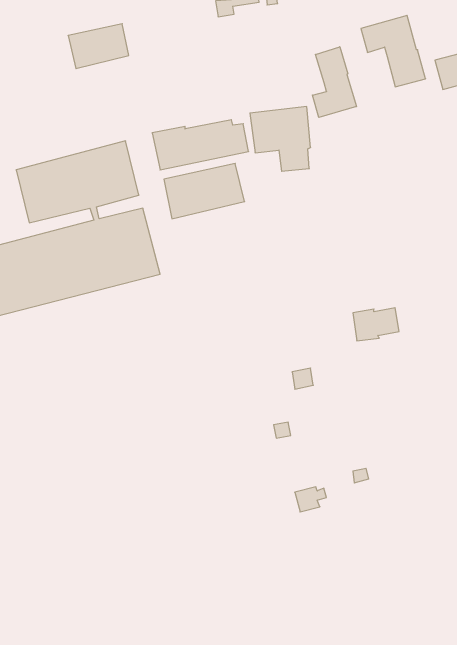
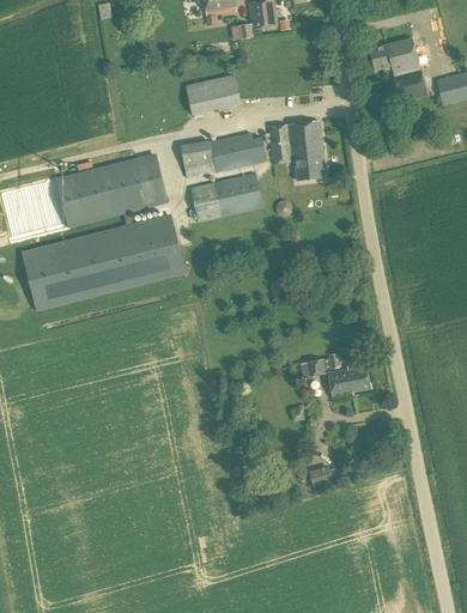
building: [68,24,129,69] -> [184,74,239,115]
building: [312,47,356,117] -> none
building: [353,308,399,341] -> [327,368,369,397]

